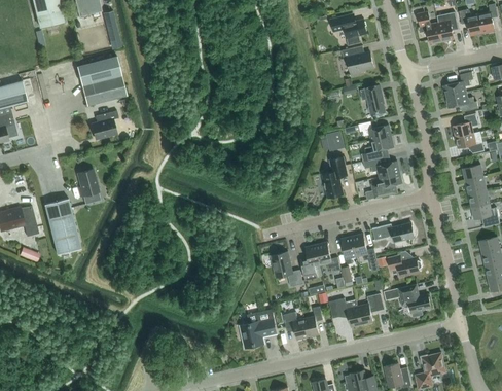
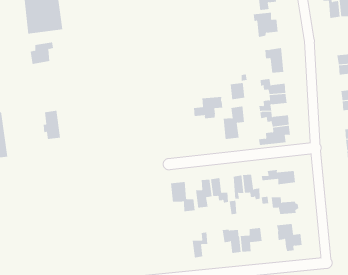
building: none -> [193,96,223,119]
building: [78,169,101,204] -> [43,110,61,140]
building: [242,308,277,348] -> none
building: [283,312,309,340] -> none

